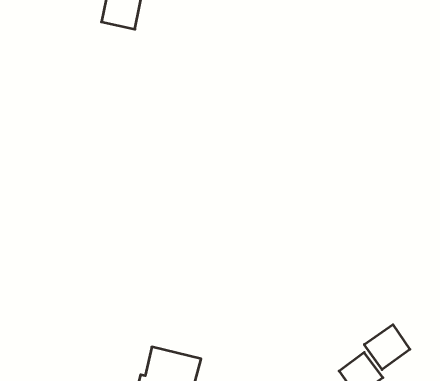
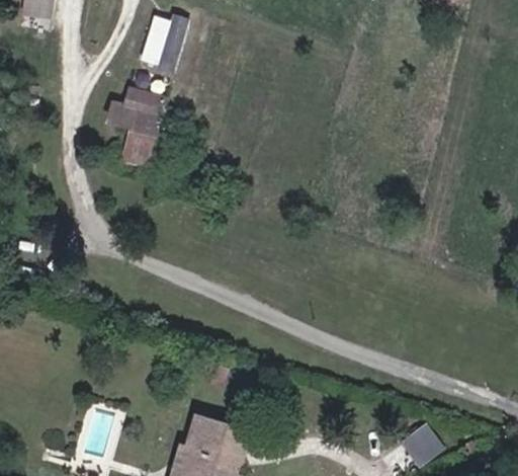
building: none -> [107,88,162,166]
building: [364,325,410,370] -> none

